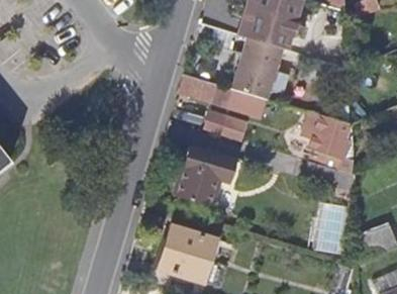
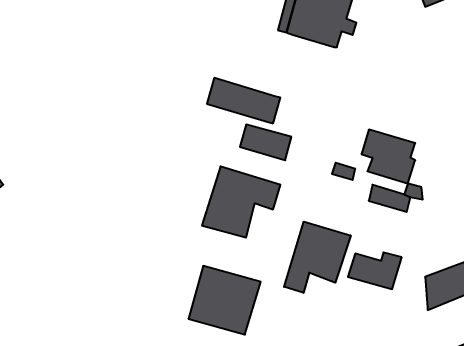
building: [235,37,284,98] -> none
building: none -> [284,222,351,293]

